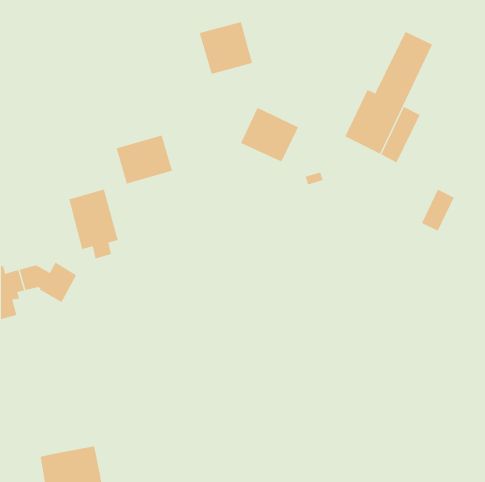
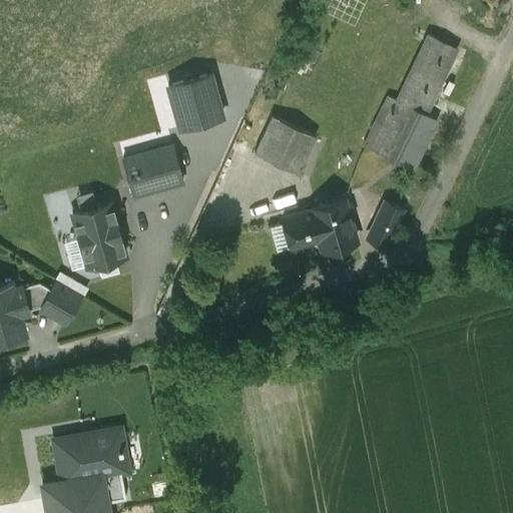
building: [199,21,253,75] -> [166,73,223,129]
building: none -> [283,201,356,251]
building: [421,189,454,232] -> [367,202,402,247]
building: none -> [55,431,125,503]

